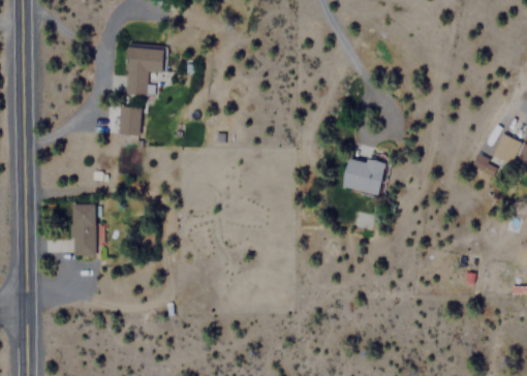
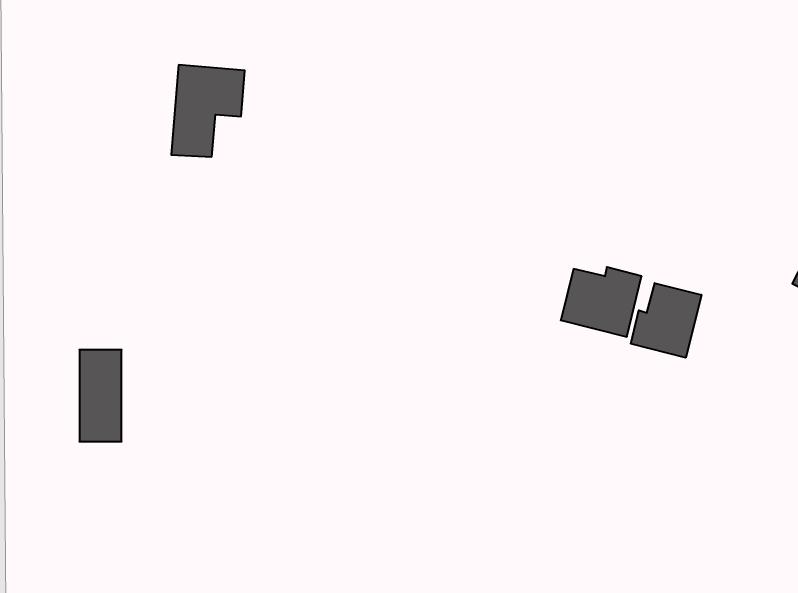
building: [120,106,142,132] -> none
building: none -> [631,283,701,358]

